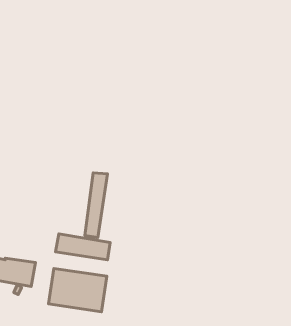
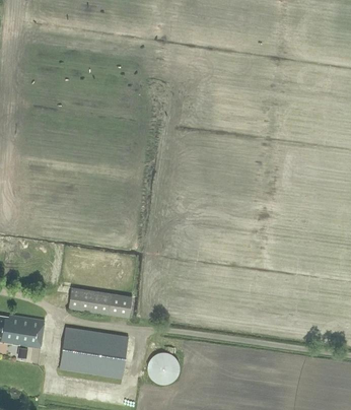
building: [85,173,108,237] -> none
building: none -> [147,351,180,384]

